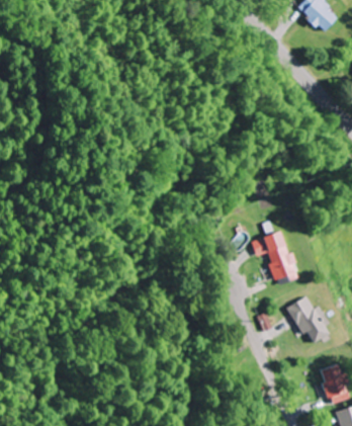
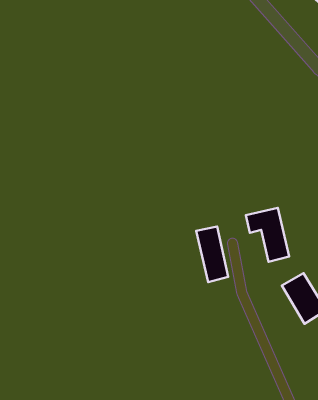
building: none -> [196,227,228,282]

